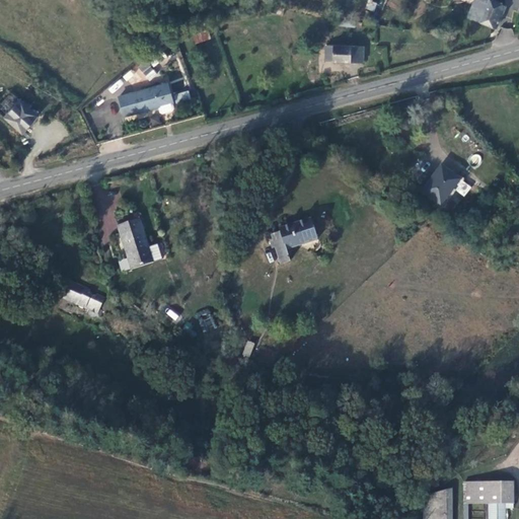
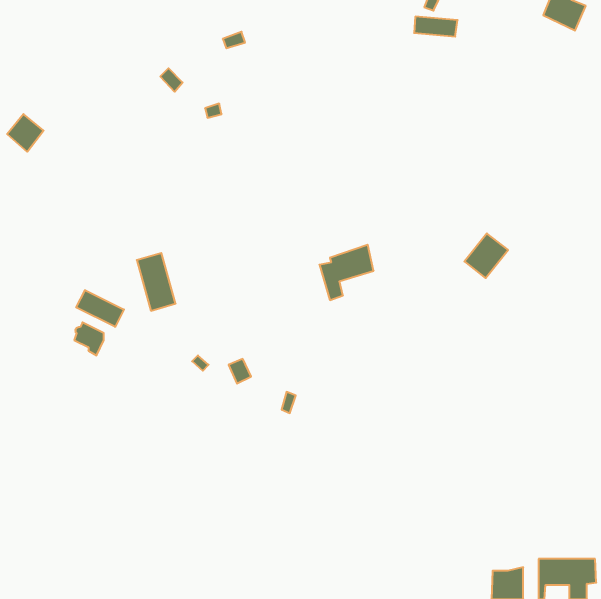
building: [327,46,365,63] -> [414,17,458,37]
building: [122,83,173,115] -> none
building: [424,163,461,202] -> [464,233,508,278]
building: none -> [76,290,124,327]

